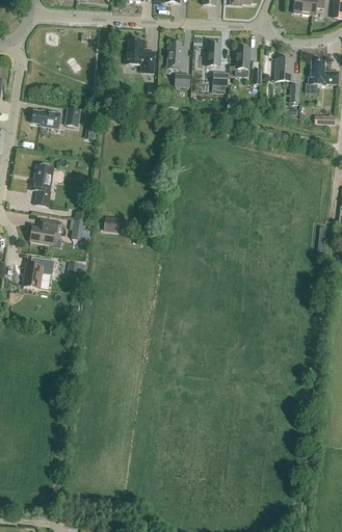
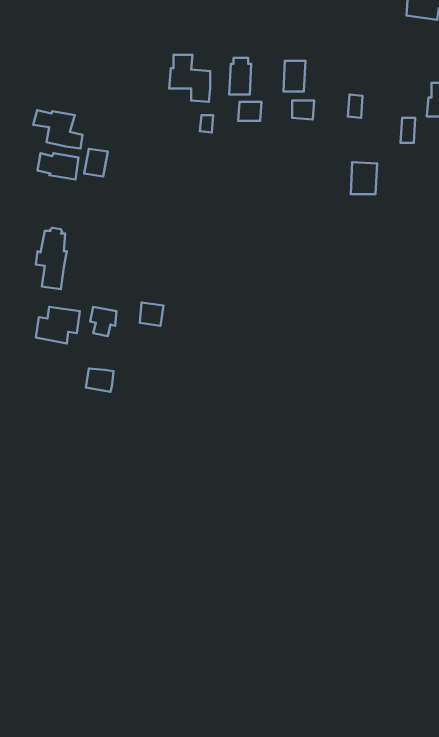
building: [235,48,251,77] -> none
building: [274,58,293,81] -> [351,162,377,194]
building: none -> [33,110,83,149]
building: [23,258,54,289] -> none

